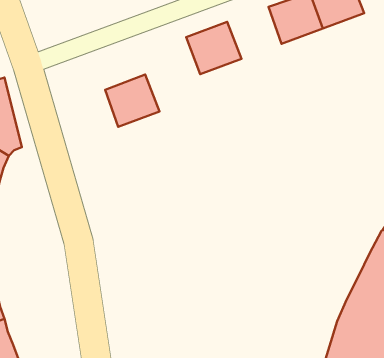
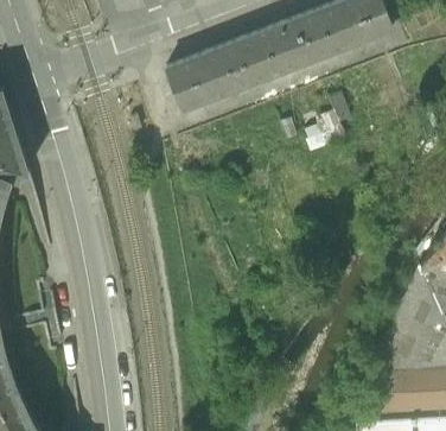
building: none -> [253,21,312,78]
building: [105,75,159,127] -> [164,55,223,112]

